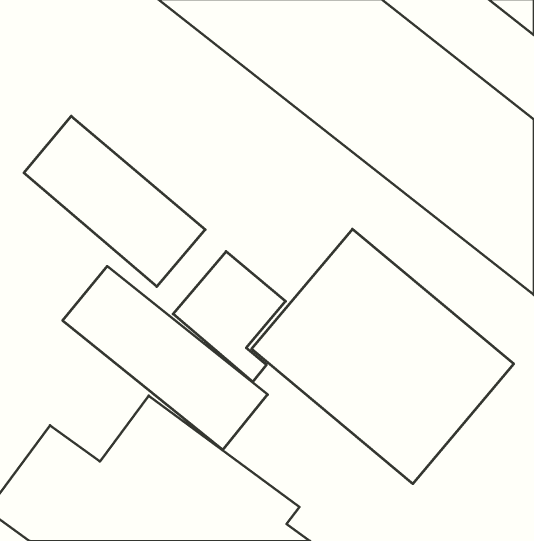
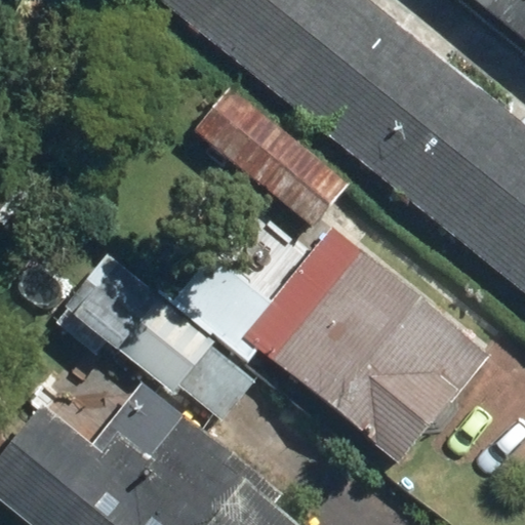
building: none -> [189,82,351,228]
building: [24,116,205,287] -> none

